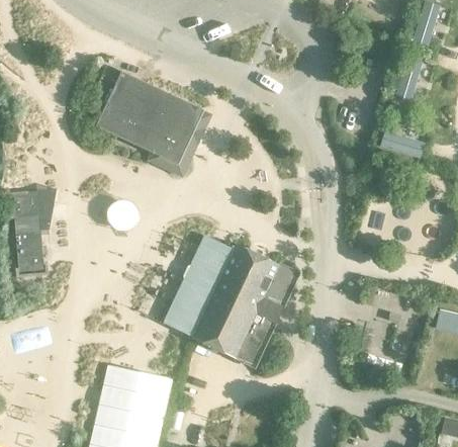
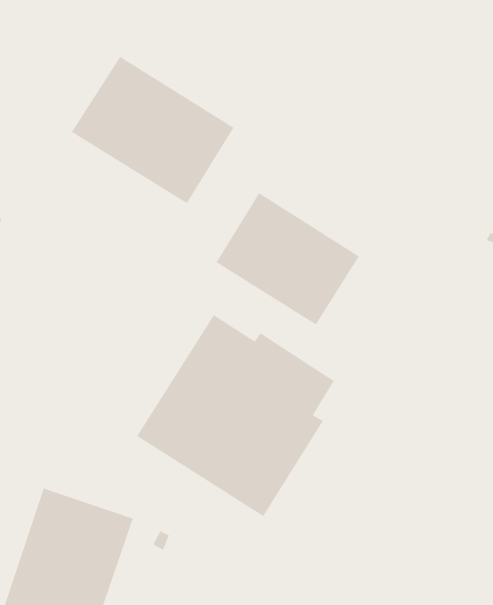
building: none -> [216,192,360,326]

